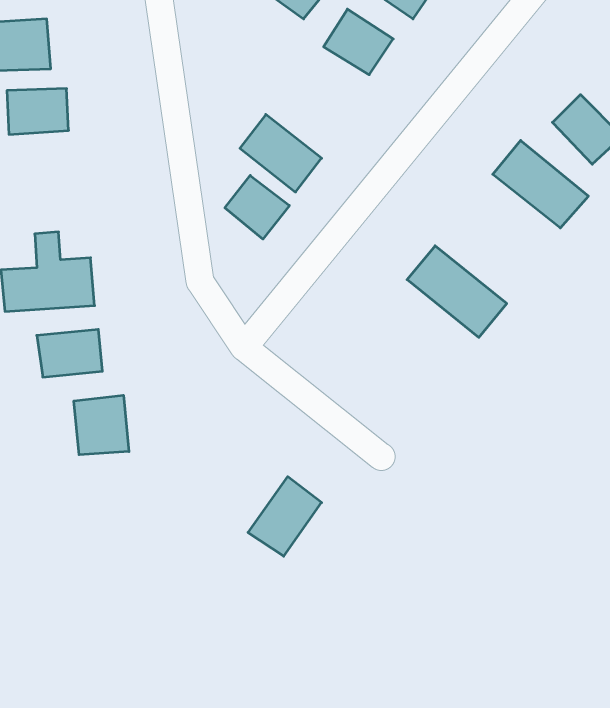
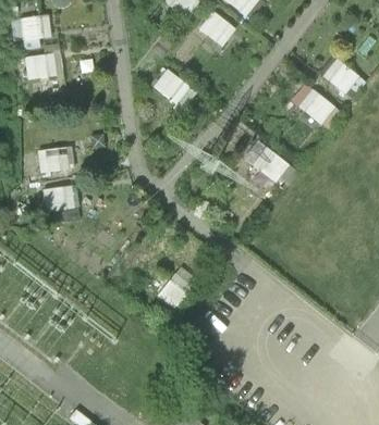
building: [225,175,289,239] -> none
building: [74,395,129,455] -> none

